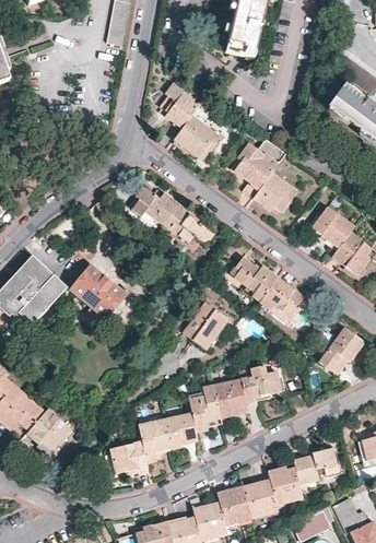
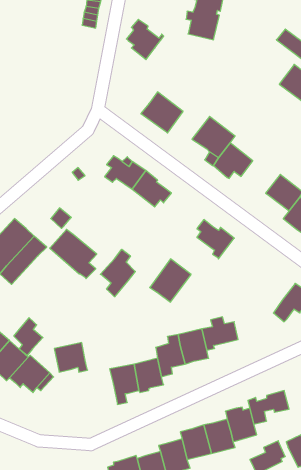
building: [160,83,201,128] -> [126,19,164,60]
building: [259,278,304,318] -> none
building: none -> [100,249,135,297]
building: none -> [14,318,43,356]
building: [111,440,149,473] -> [54,343,88,372]

